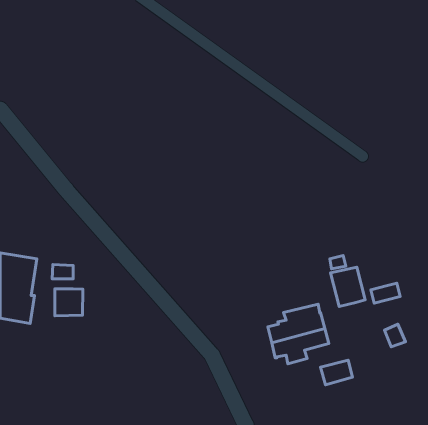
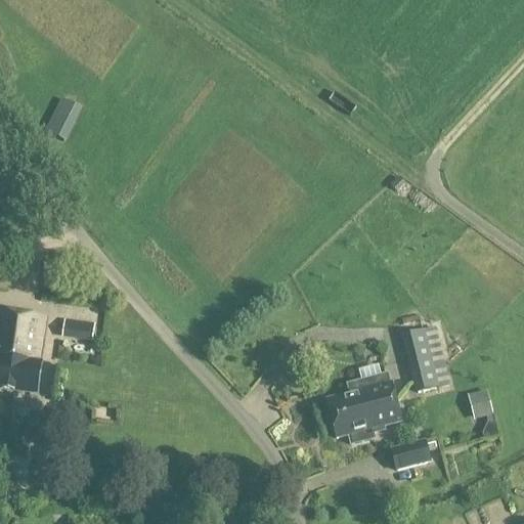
building: none -> [44,94,80,136]
building: [371,283,400,303] -> [414,365,450,390]
building: [55,289,83,316] -> none

